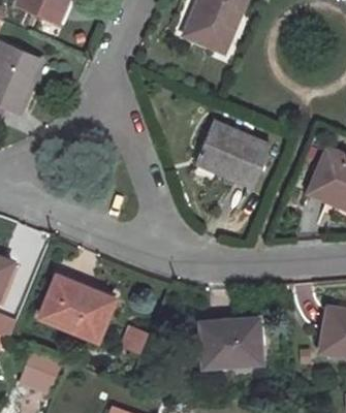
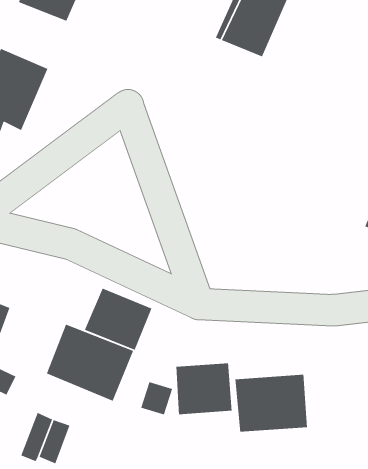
building: [195,121,271,186] -> none
building: none -> [84,287,153,351]
building: none -> [175,362,232,415]

